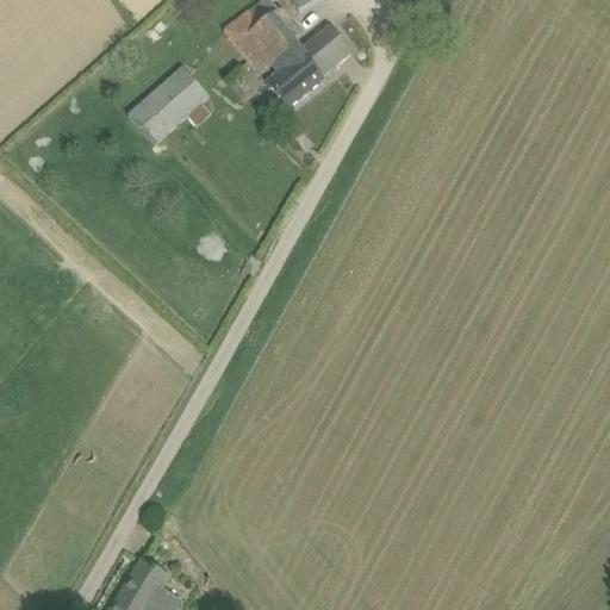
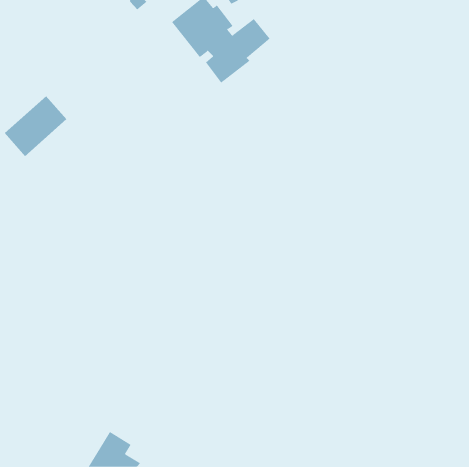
building: [126,66,208,145] -> [4,95,67,157]

